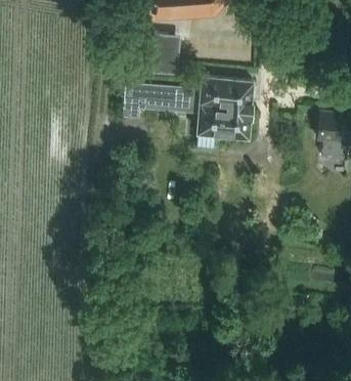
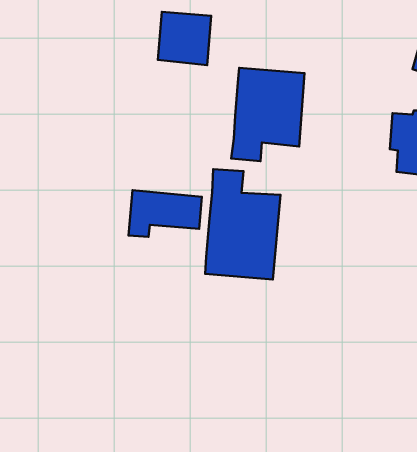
building: [125,83,181,119] -> [129,190,202,237]
building: none -> [205,169,280,279]

